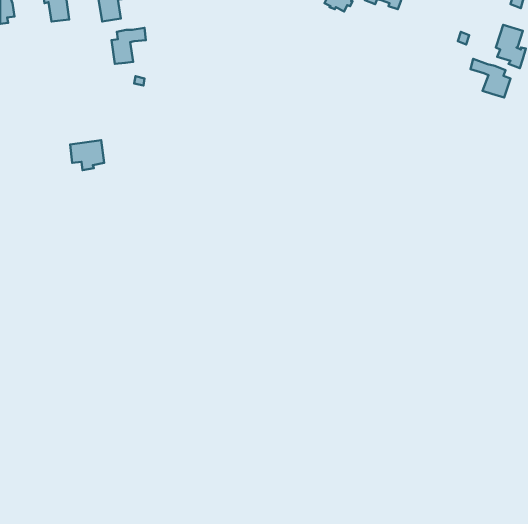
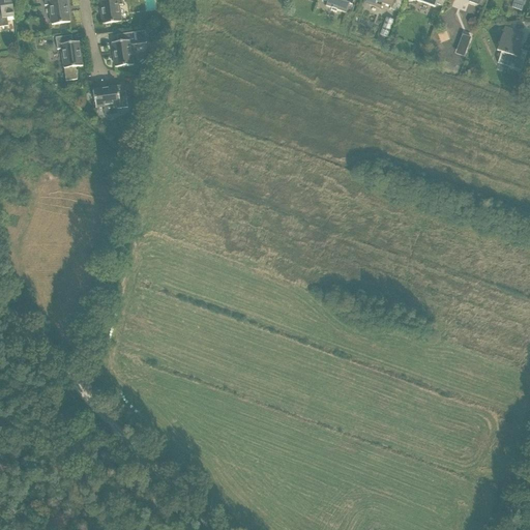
building: none -> [55,32,82,79]
building: [470,59,511,98] -> none
building: [70,140,104,170] -> [93,82,127,112]

